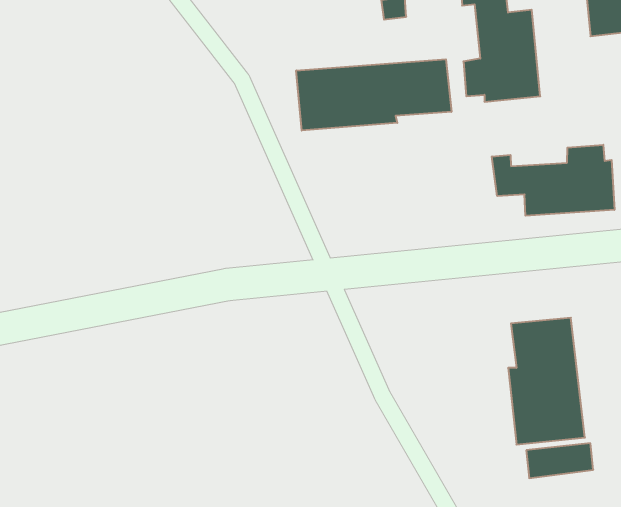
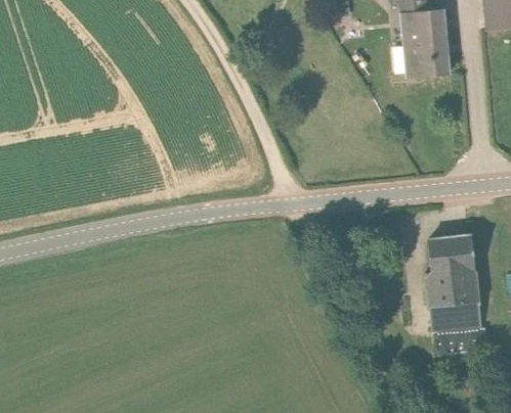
building: [296,59,451,131] -> none
building: [492,145,614,216] -> none

